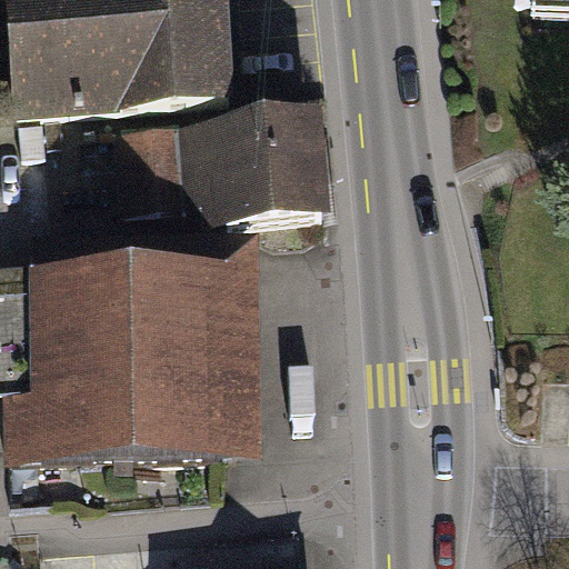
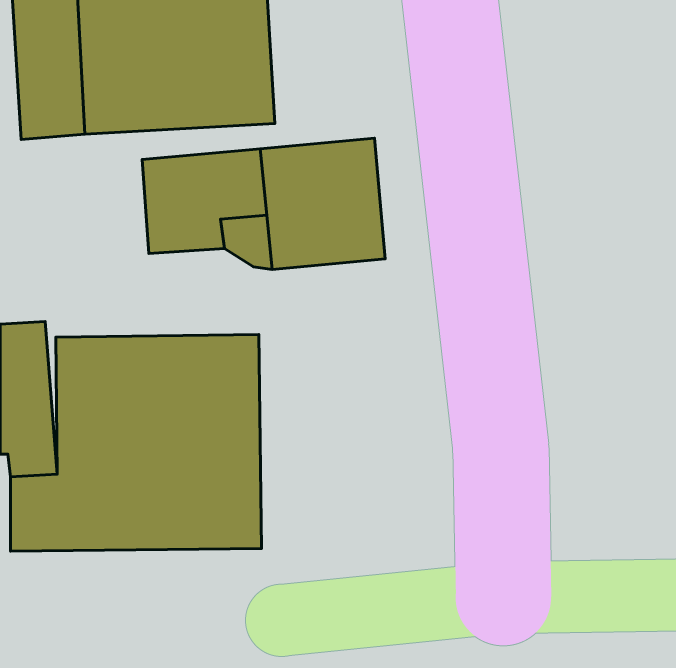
building: [49,238,263,459] -> none

